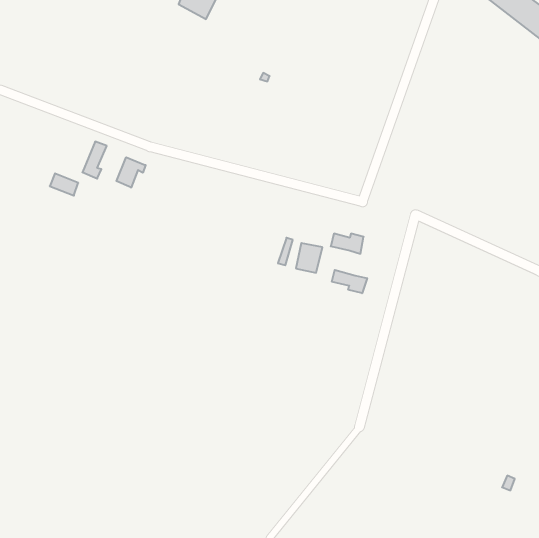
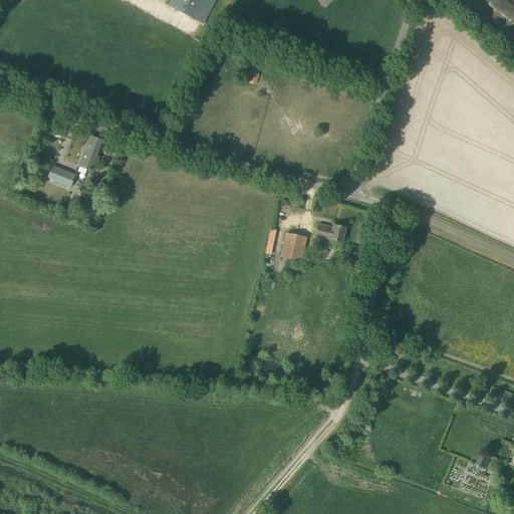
building: [116,157,146,188] -> none
building: [332,270,367,293] -> none

